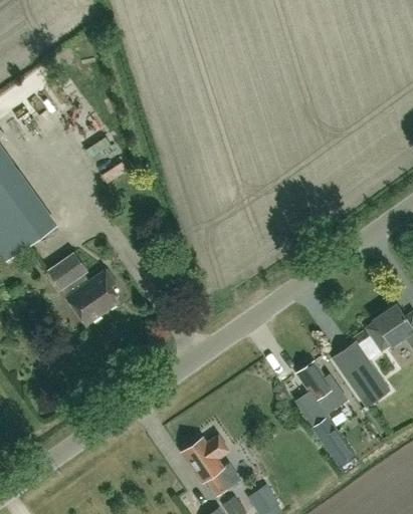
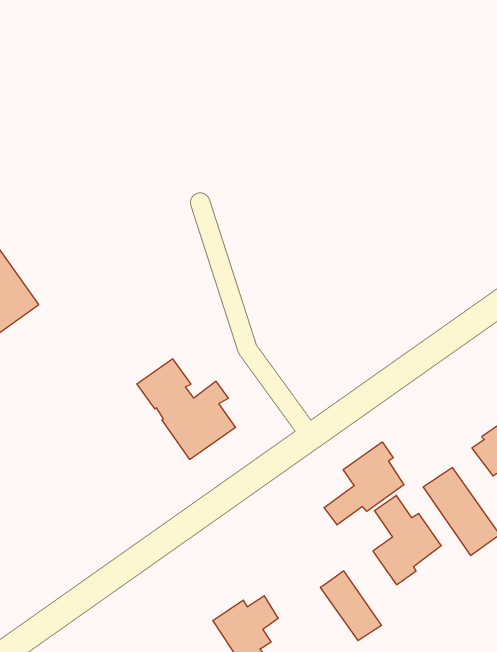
building: [47,253,119,325] -> [137,359,236,459]
building: none -> [324,442,404,525]
building: [311,417,355,467] -> [320,571,382,641]

